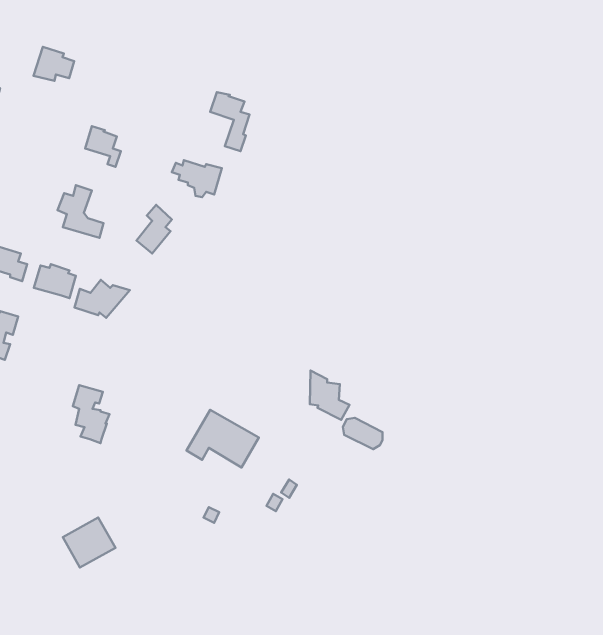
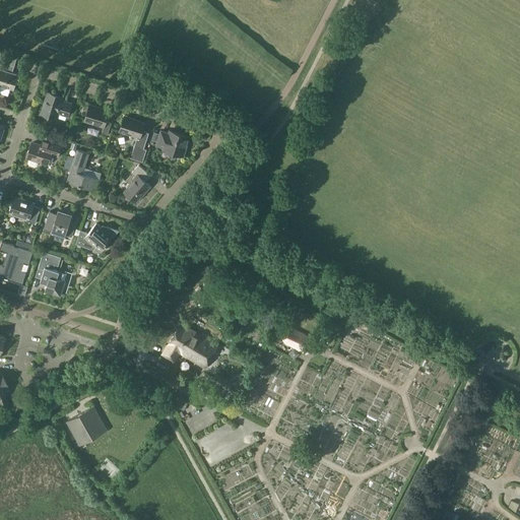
building: [34,47,74,81] -> [40,92,71,119]
building: [210,92,250,151] -> [118,117,148,162]
building: none -> [25,139,61,169]
building: [310,370,350,420] -> none
building: [73,385,110,443] -> [38,252,66,297]

